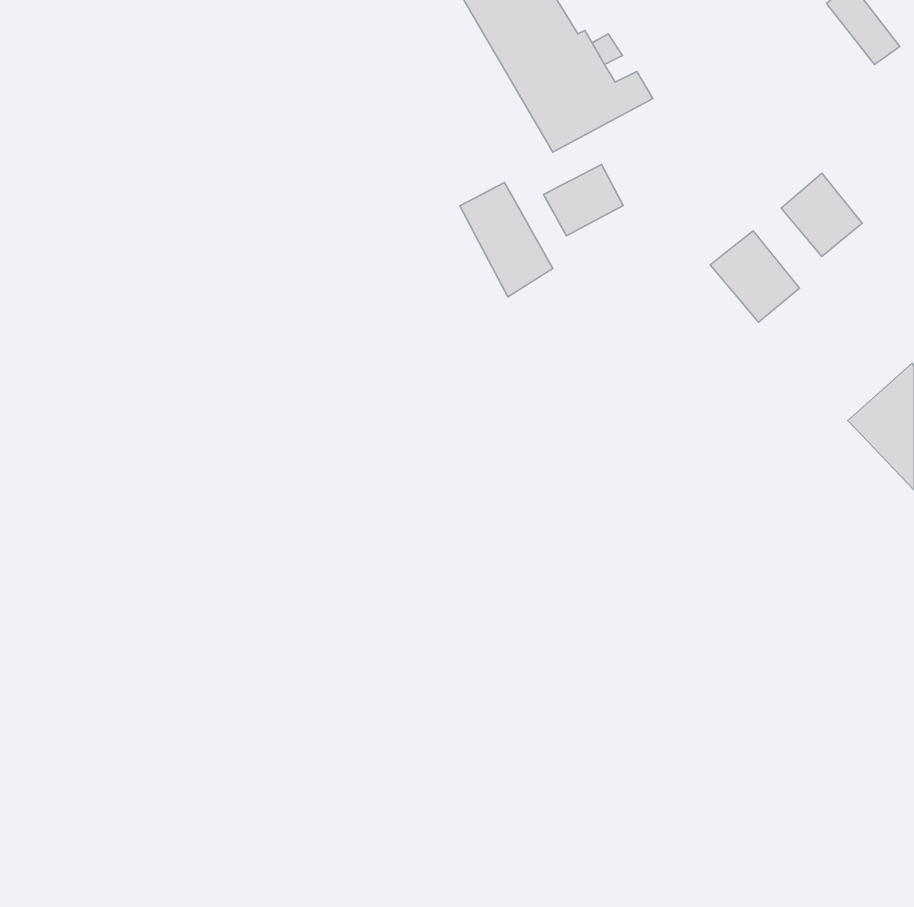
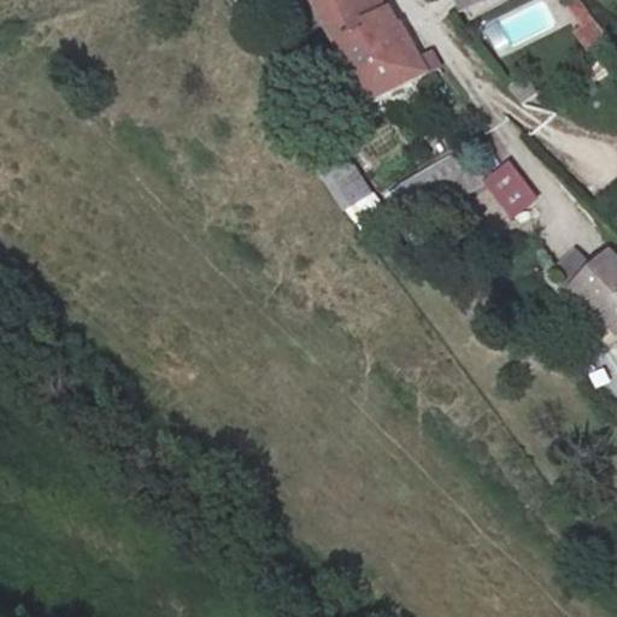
building: [543,164,623,236] -> none
building: [781,173,862,257] -> none

